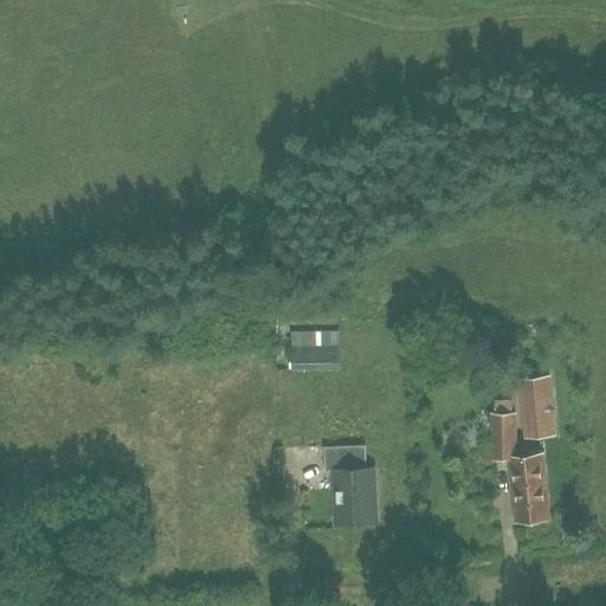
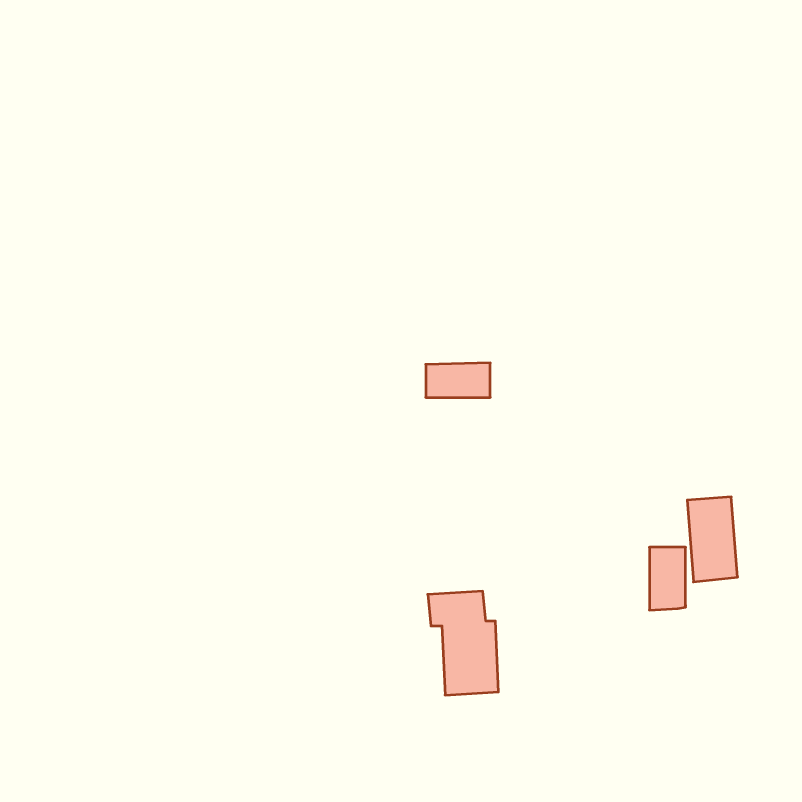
building: [291,344,340,370] -> [426,363,490,397]
building: [512,454,546,521] -> none

